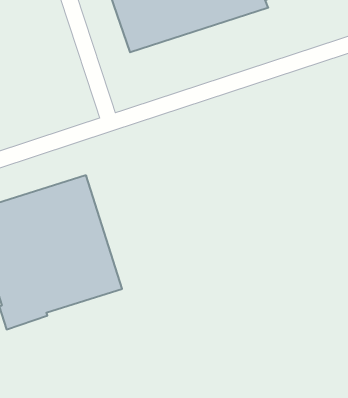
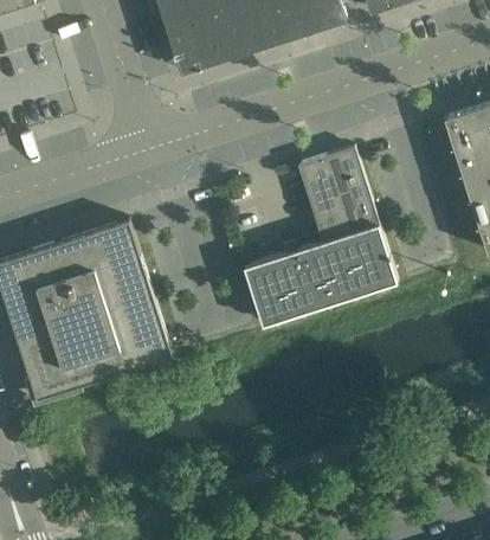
building: none -> [243,147,398,326]

